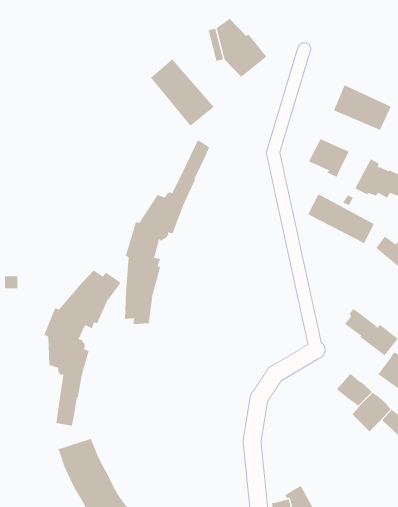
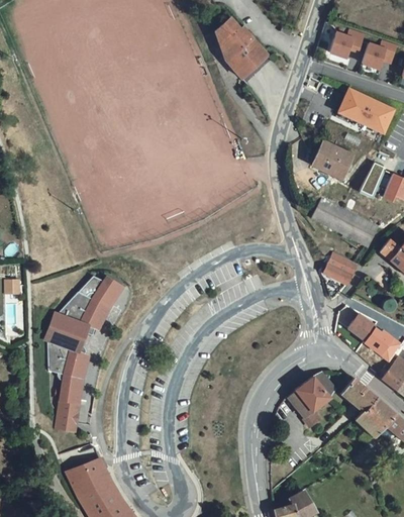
building: none -> [328,28,364,59]
building: none -> [361,39,397,70]
building: [150,58,215,127] -> none
building: [124,139,210,325] -> none
building: none -> [322,252,357,285]
building: none -> [287,372,335,425]

